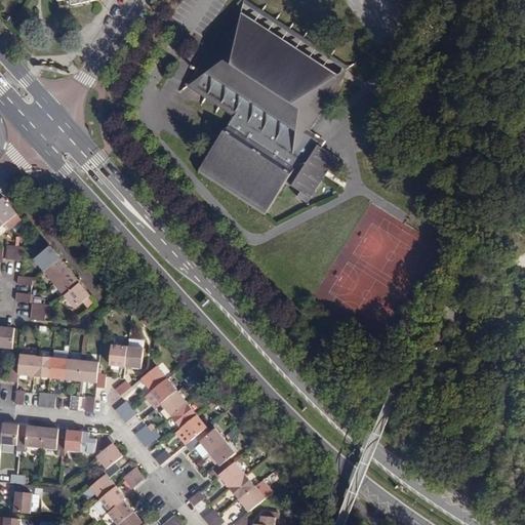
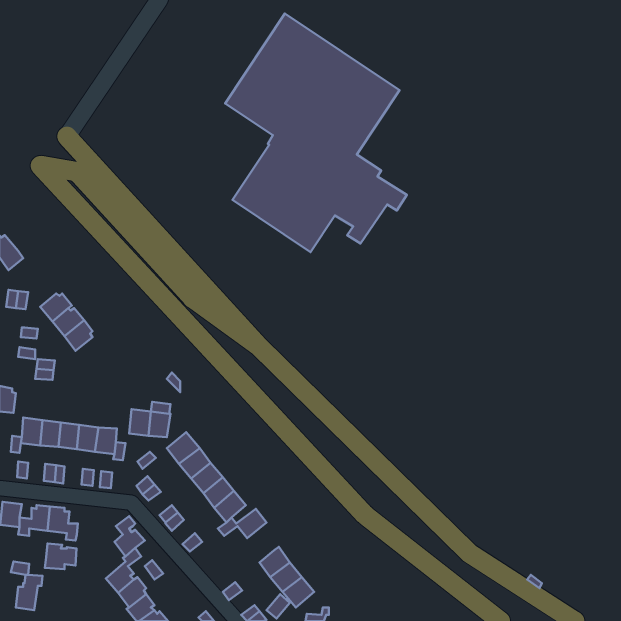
building: [64,282,92,308] -> none
building: [65,430,91,451] -> [45,544,77,569]
building: [206,440,235,479] -> none

